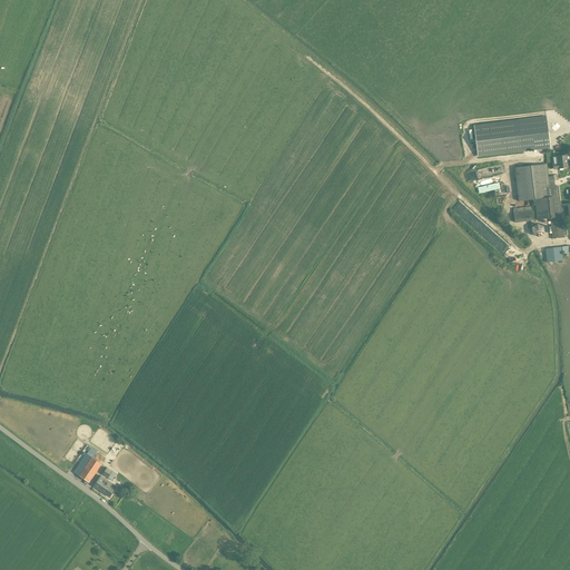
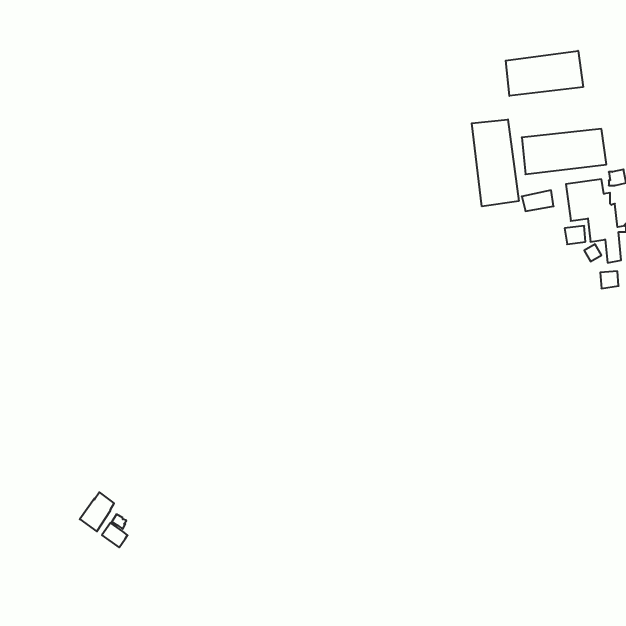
building: none -> [506,51,583,96]
building: none -> [472,119,519,206]

